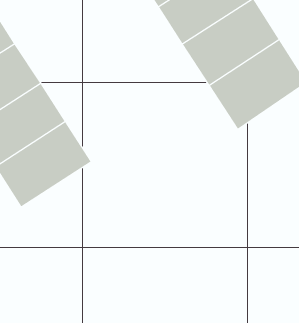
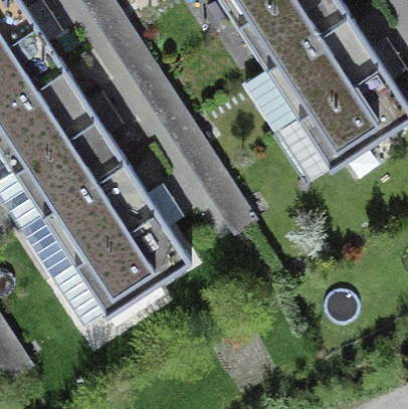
building: none -> [64,206,183,313]

